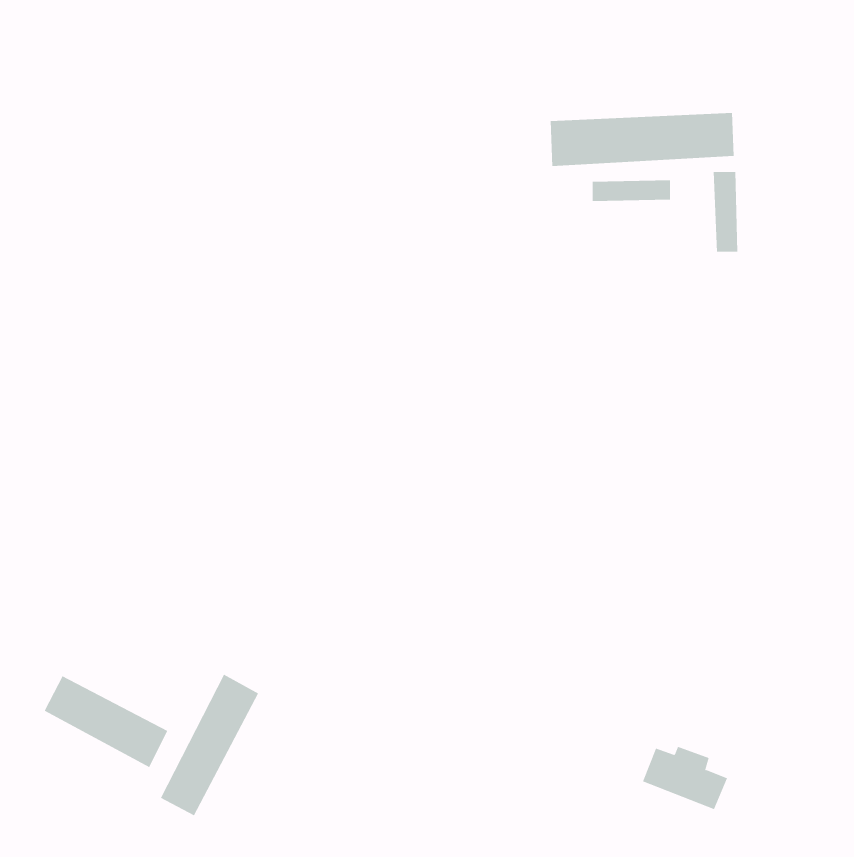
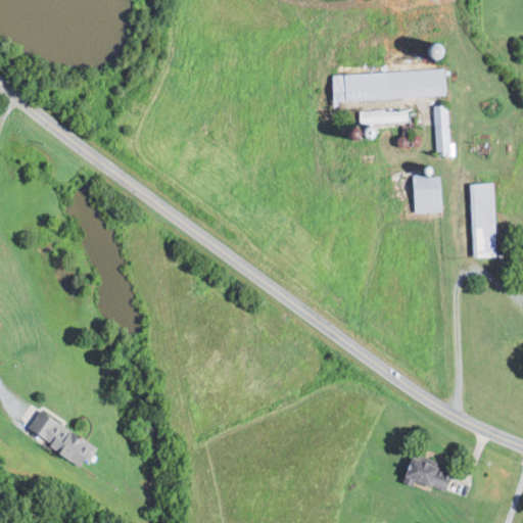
building: none -> [415,177,442,213]
building: none -> [472,184,495,256]
building: [160,674,259,816] -> none

